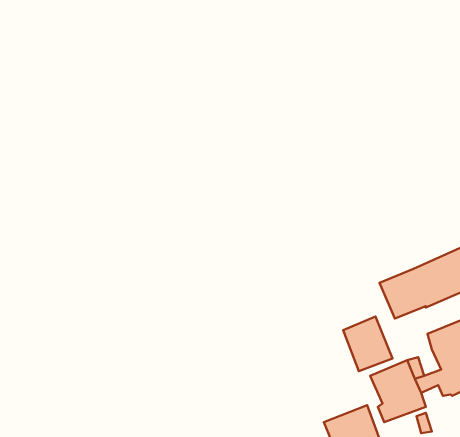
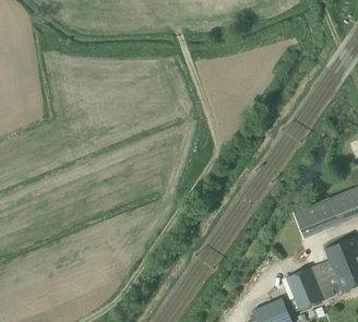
building: [343,316,392,371] -> none

